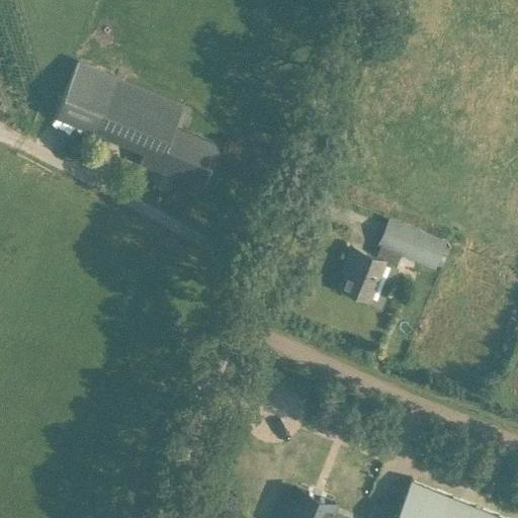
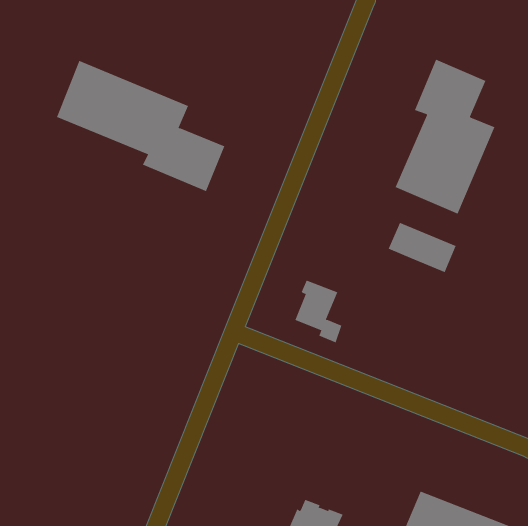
building: none -> [395,59,495,215]
building: [343,250,390,312] -> [295,280,342,343]

